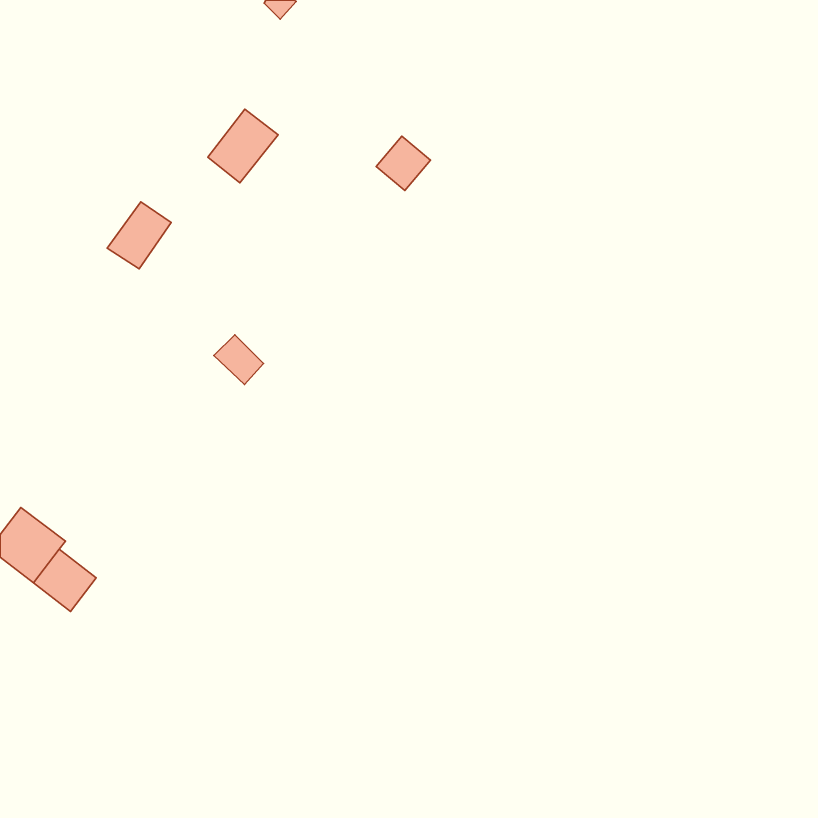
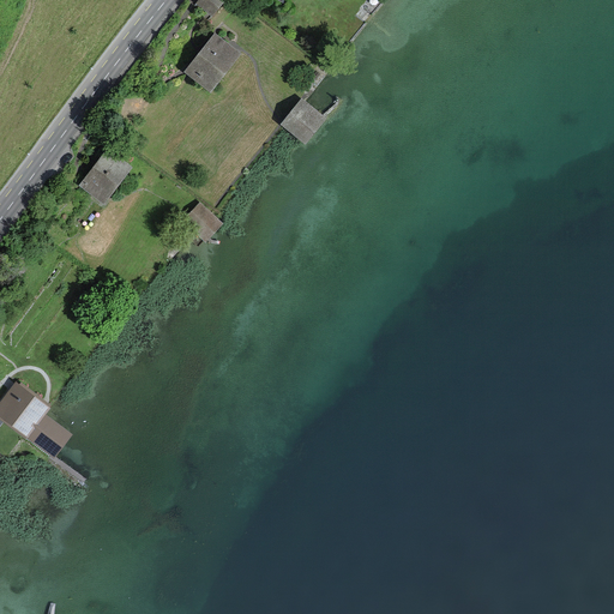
building: [208,109,278,183] -> [186,35,239,90]
building: [214,335,264,384] -> [183,203,221,240]

